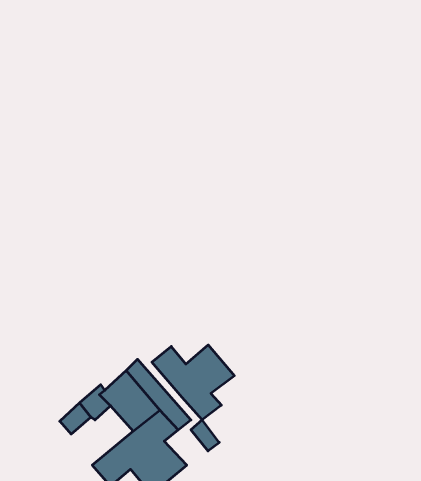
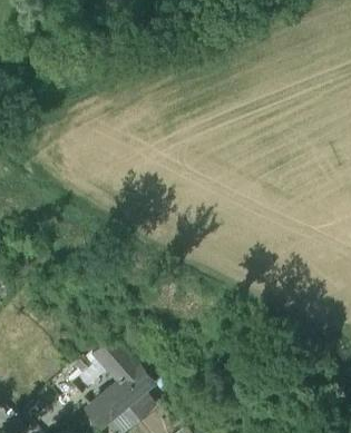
building: [152,345,234,420] -> none

